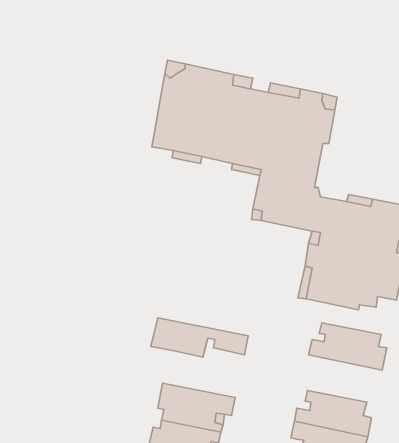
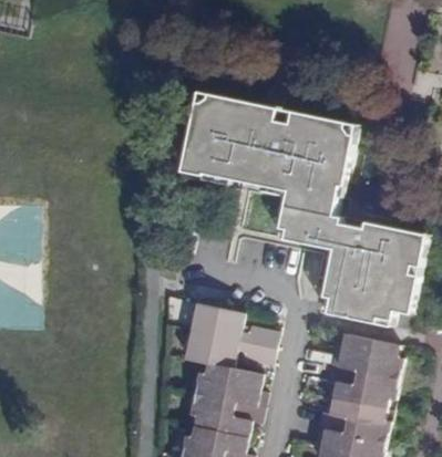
building: none -> [188,304,276,347]
building: none -> [193,362,264,405]
building: none -> [326,365,398,409]

